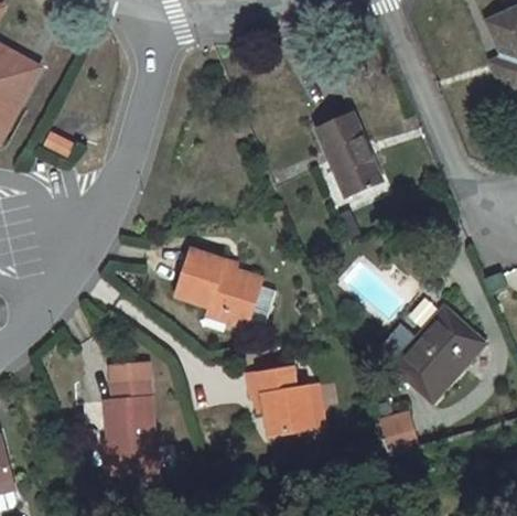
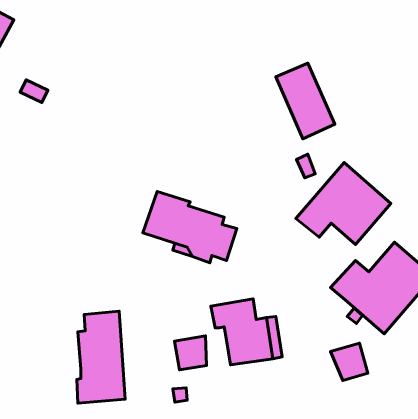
building: none -> [296,162,391,244]
building: none -> [174,336,206,370]

